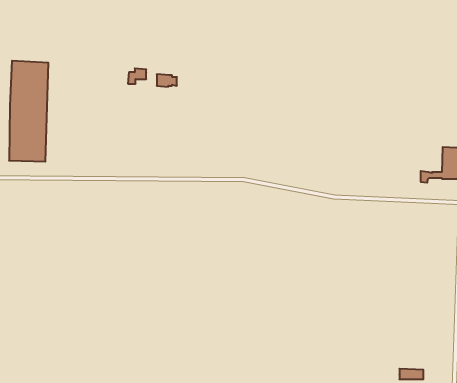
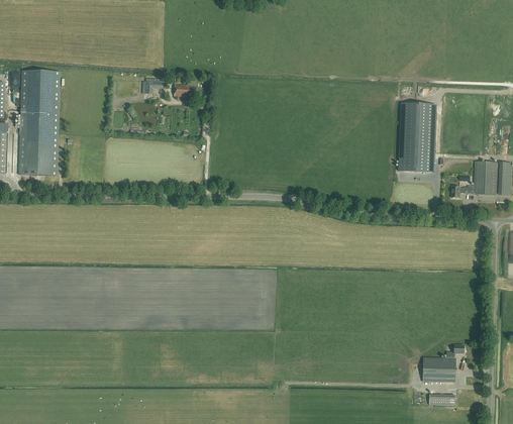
building: none -> [397,103,434,172]
building: none -> [421,345,463,382]

